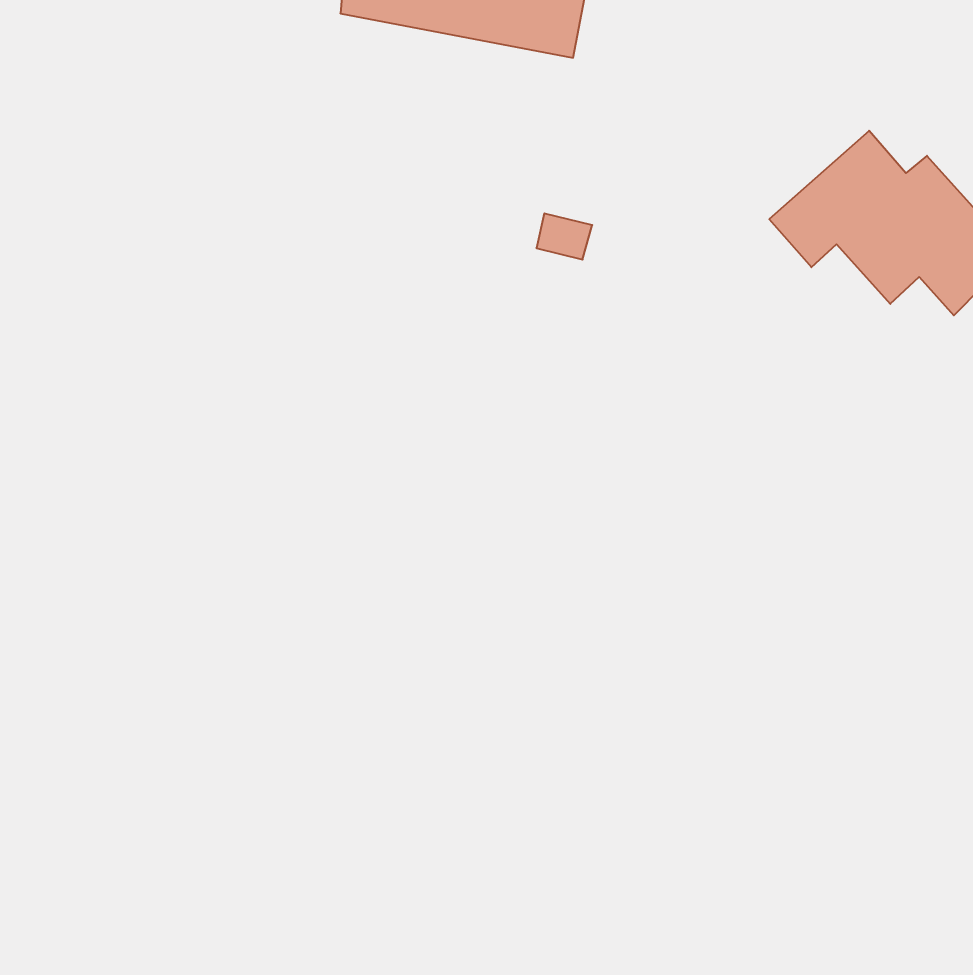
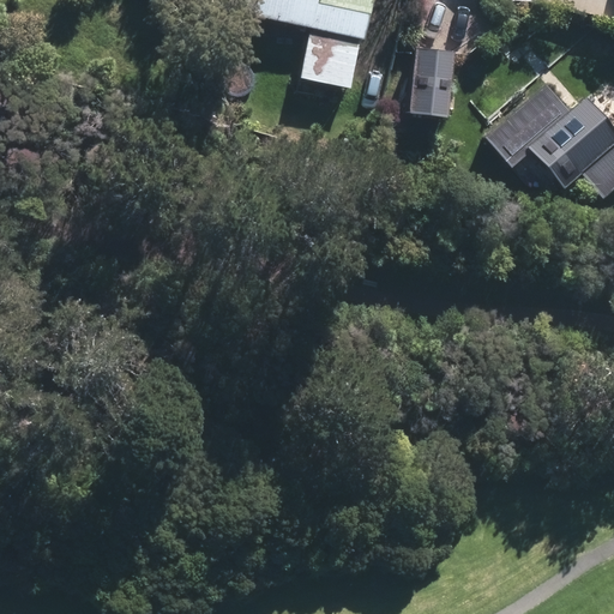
building: none -> [301,37,361,85]
building: none -> [407,44,460,119]

